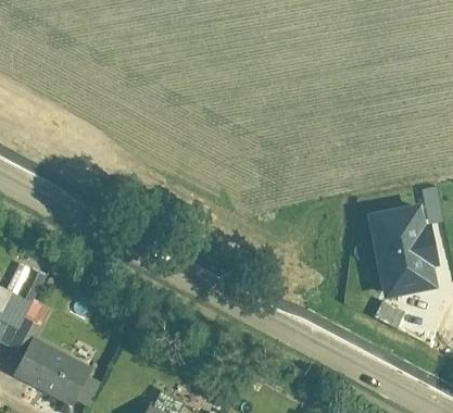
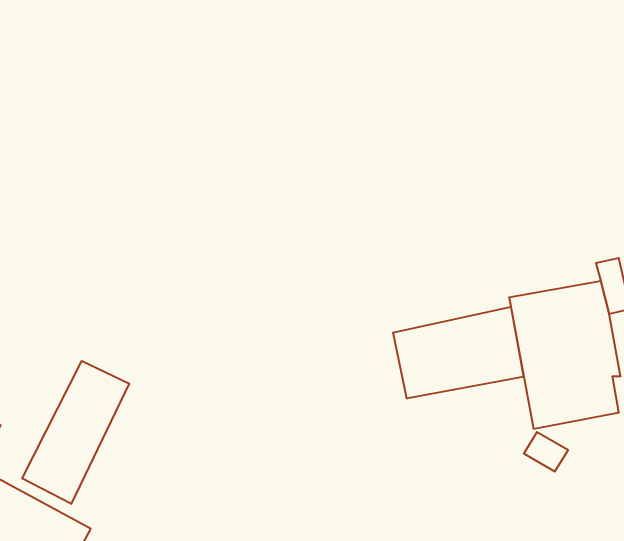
building: none -> [393,307,523,399]
building: none -> [22,361,129,504]

